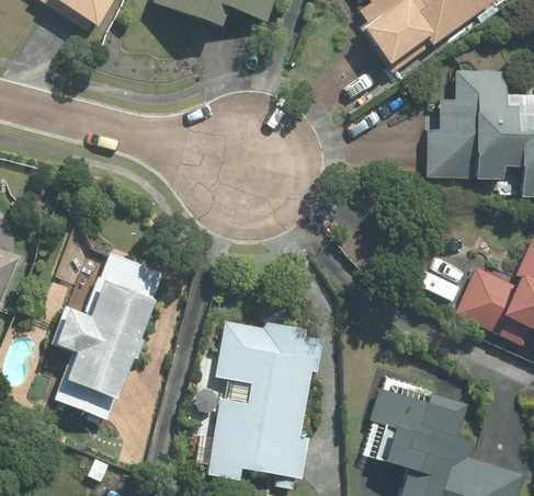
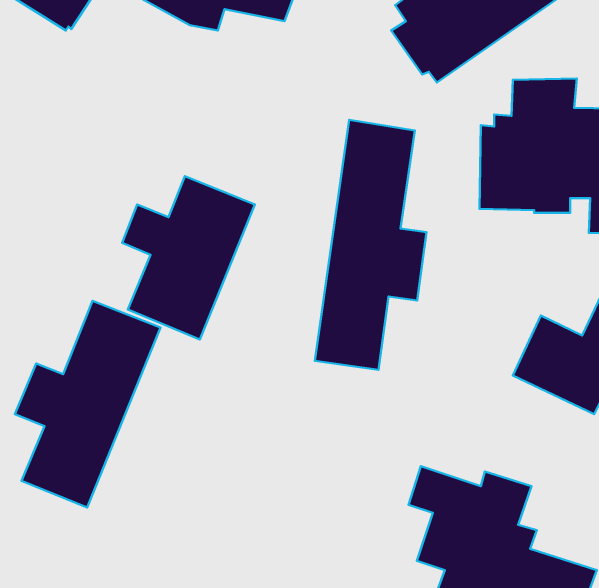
building: none -> [315,120,426,370]
building: none -> [122,176,255,339]
building: [205,320,325,482] -> none

